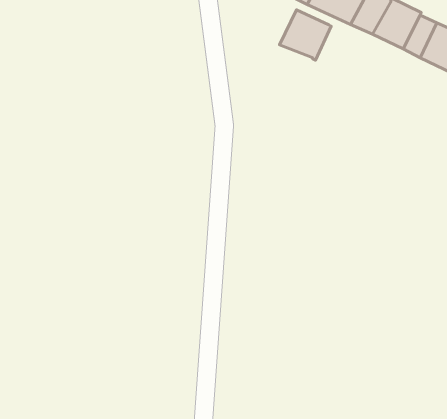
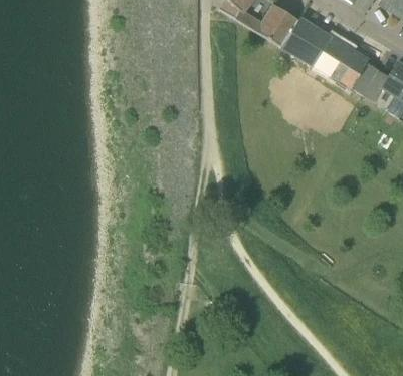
building: [279,10,331,60] -> none

